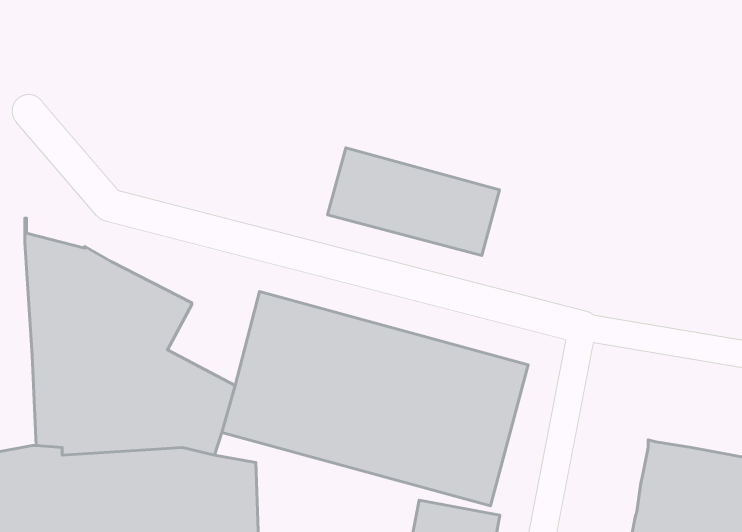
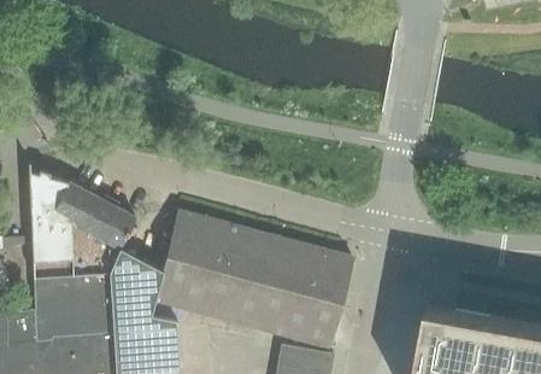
building: [327,148,500,255] -> none

